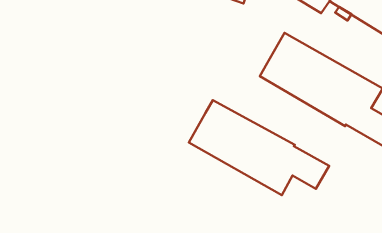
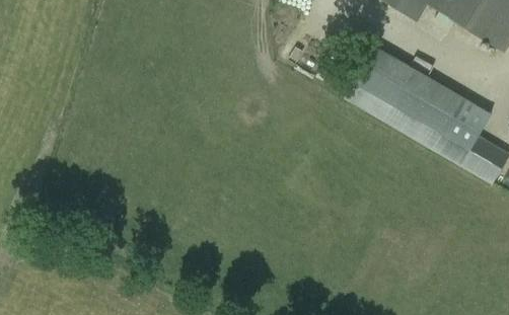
building: [189,100,329,195] -> none

